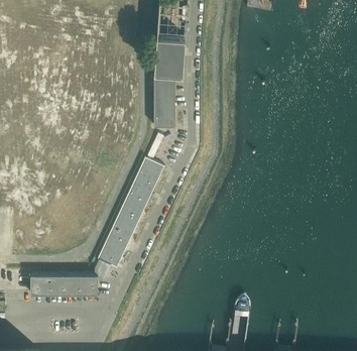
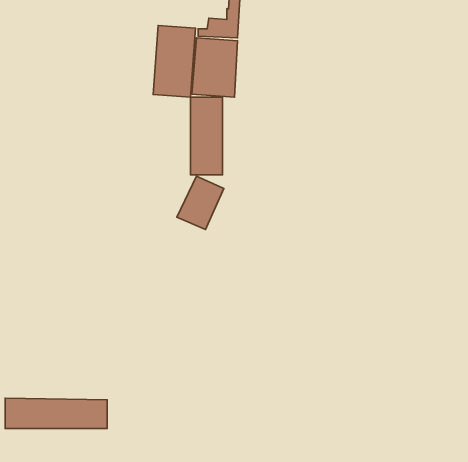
building: none -> [153,26,195,97]
building: [94,158,163,282] -> none

